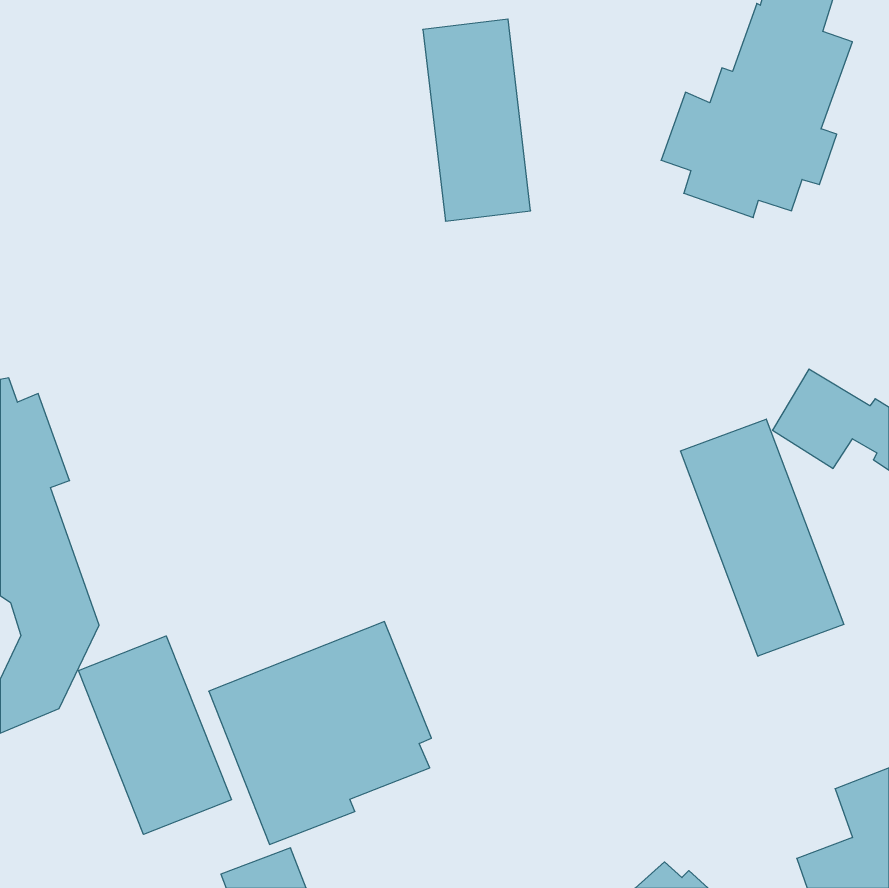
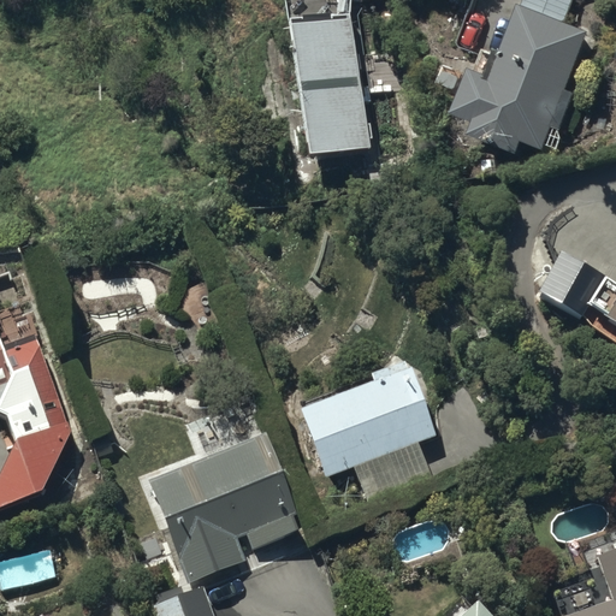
building: [681,419,844,656] -> none
building: none -> [298,362,437,503]
building: [78,636,231,834] -> none

